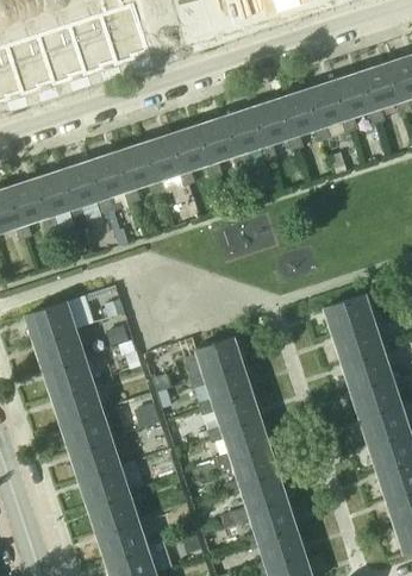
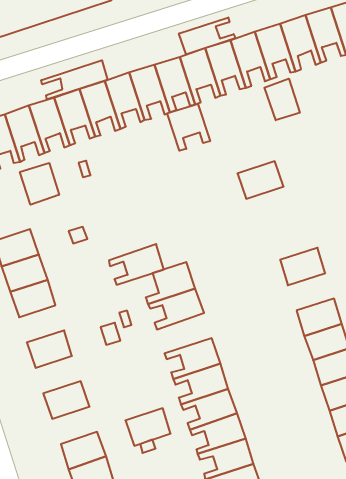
building: none -> [179,17,236,54]
building: none -> [41,60,108,100]
building: none -> [264,79,300,120]
building: none -> [167,104,210,151]
building: none -> [20,163,59,205]
building: [324,294,374,334] -> [237,161,284,199]
building: [342,349,392,389] -> none
building: [51,383,100,424] -> none
building: [200,392,260,436] -> [109,244,164,285]
building: [69,438,118,478] -> none
building: [87,493,136,533] -> [125,408,171,446]

